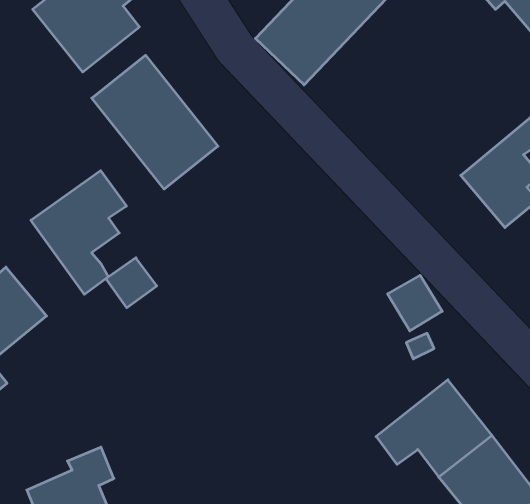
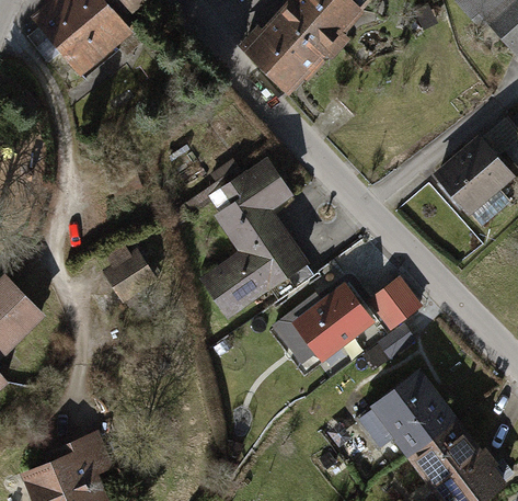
building: [92,55,218,189] -> none
building: none -> [204,158,307,315]
building: [31,171,126,294] -> none
building: none -> [289,287,365,361]

